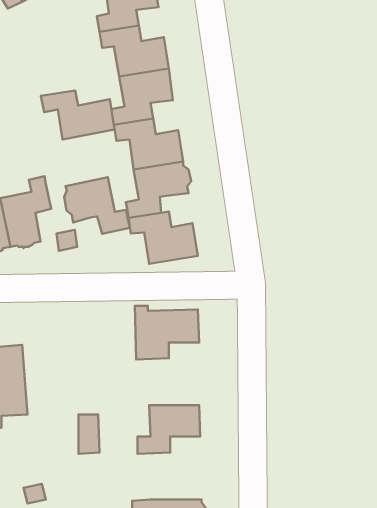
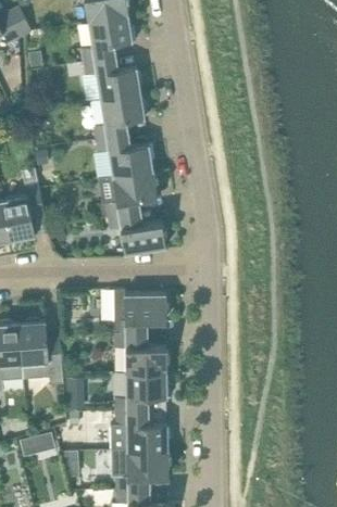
building: [41,90,114,140] -> none
building: [64,177,130,234] -> none
building: none -> [20,321,63,384]
building: none -> [114,333,166,372]
building: none -> [111,411,169,451]

